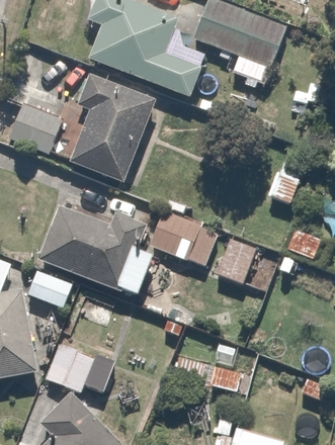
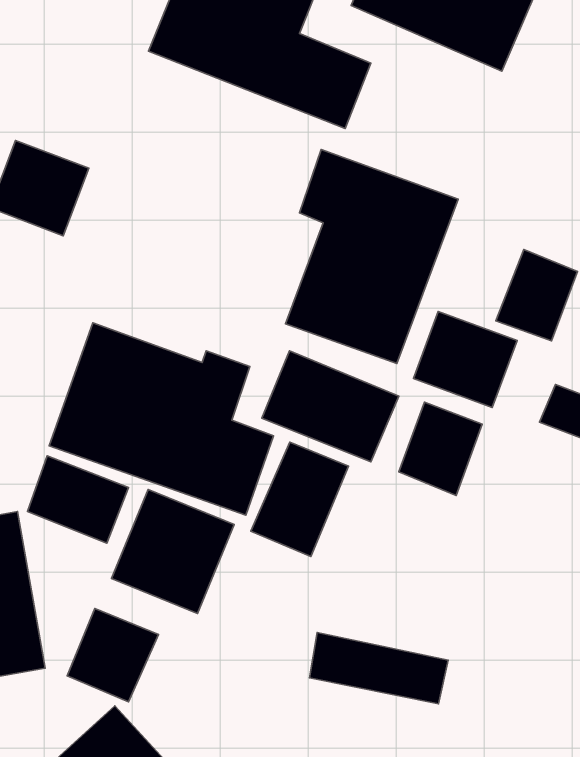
building: [69,73,157,182] -> [286,149,458,364]
building: none -> [413,312,517,408]
building: none -> [251,442,349,556]
building: none -> [111,489,234,614]

